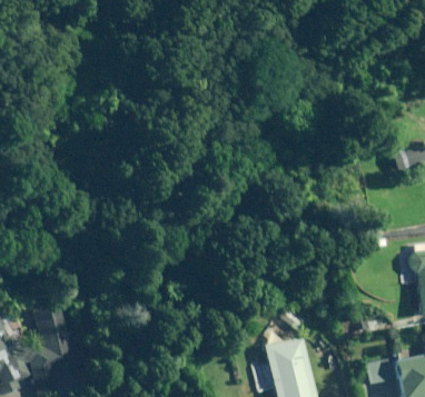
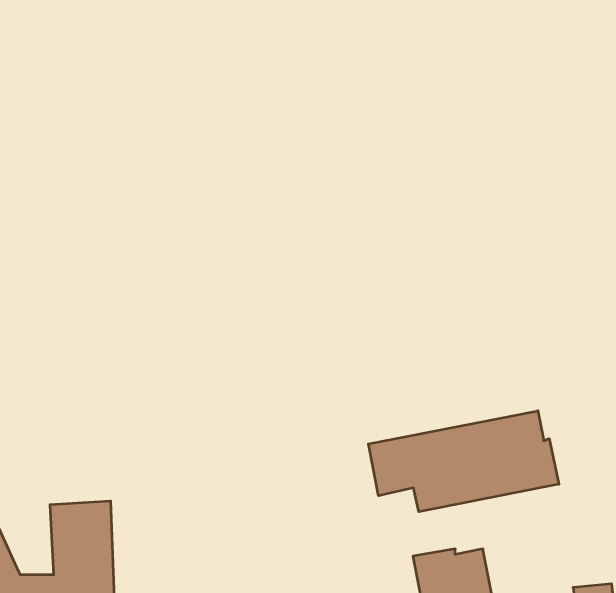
building: none -> [368,411,559,512]

